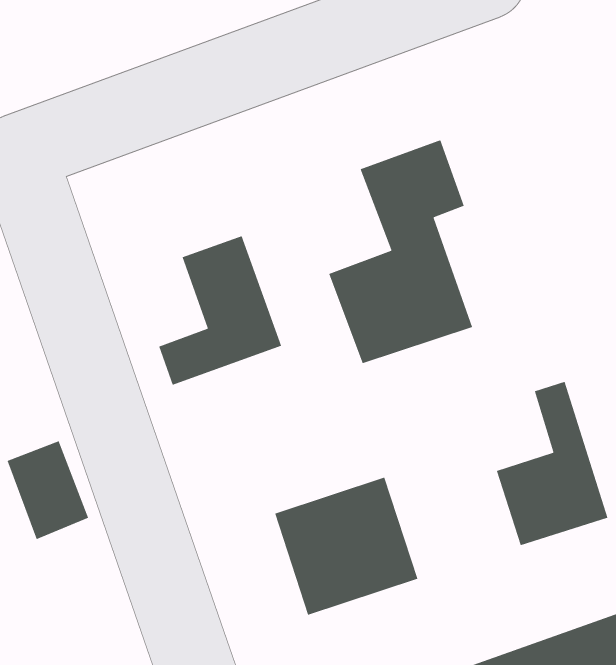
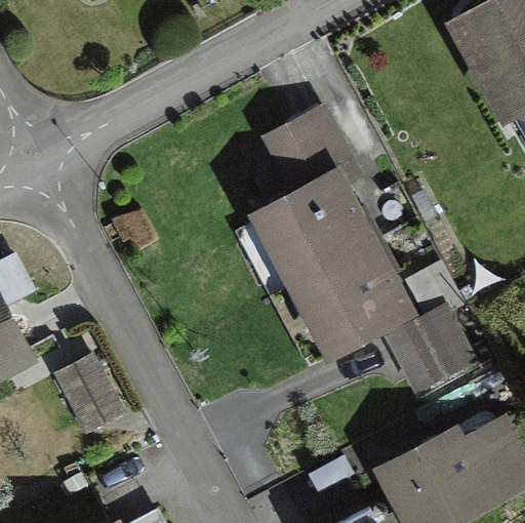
building: [158,235,282,386] -> none
building: [274,476,418,616] -> [292,241,398,345]

